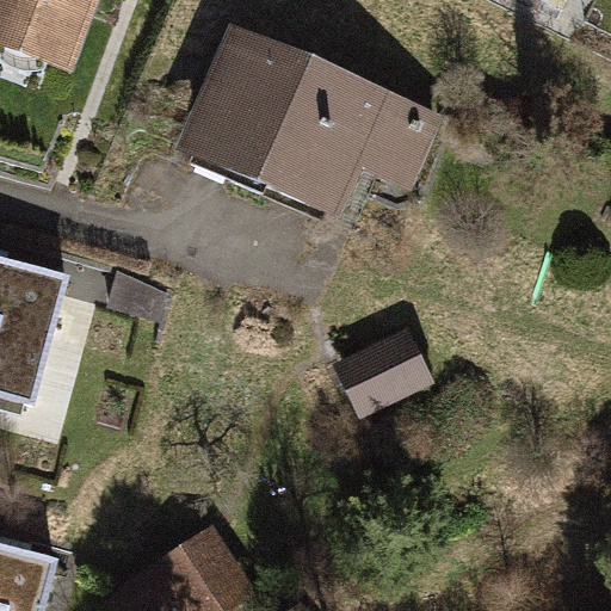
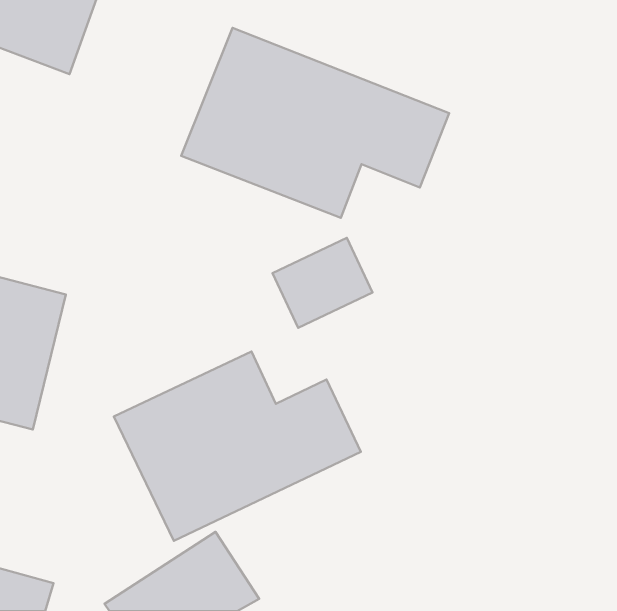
building: [332,323,430,412] -> [273,238,372,328]
building: none -> [114,352,361,541]

